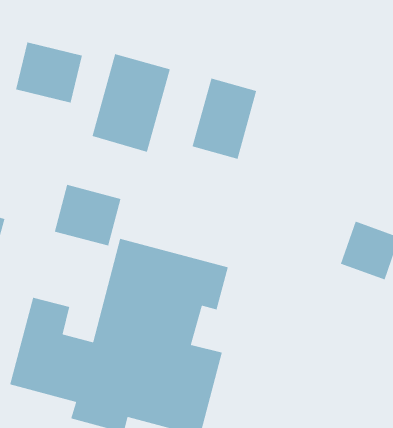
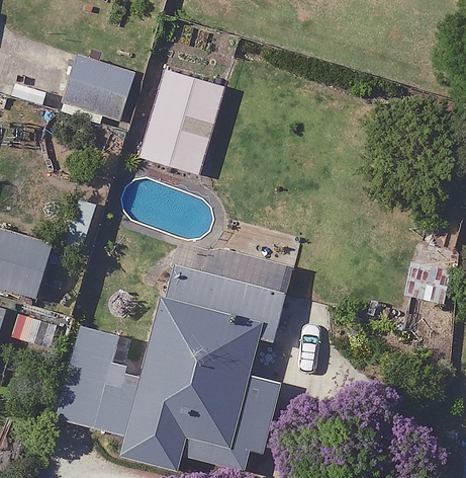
building: [192,78,257,160] -> none
building: [54,184,121,247] -> none

